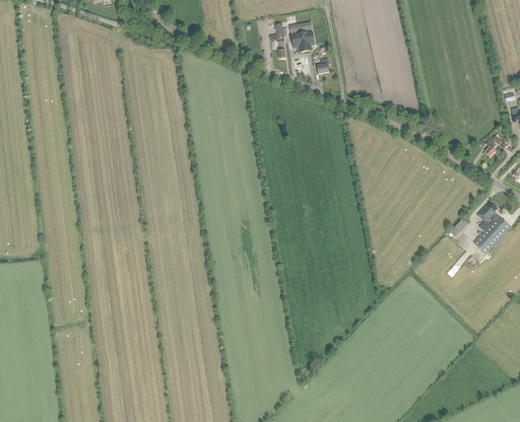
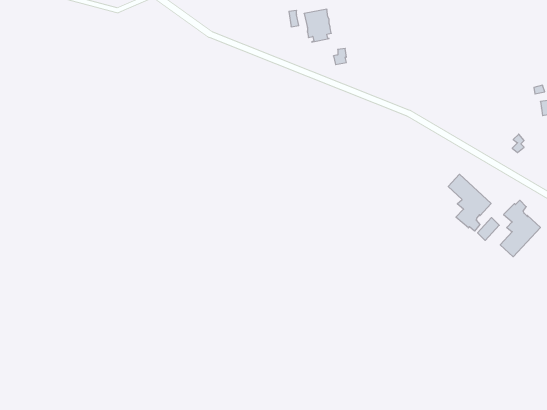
building: none -> [448,174,491,231]

